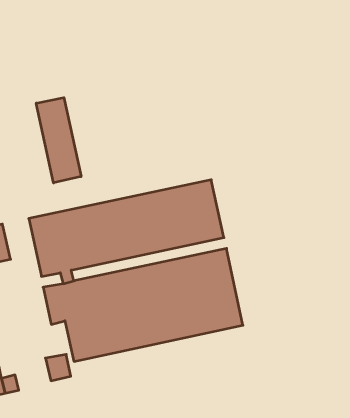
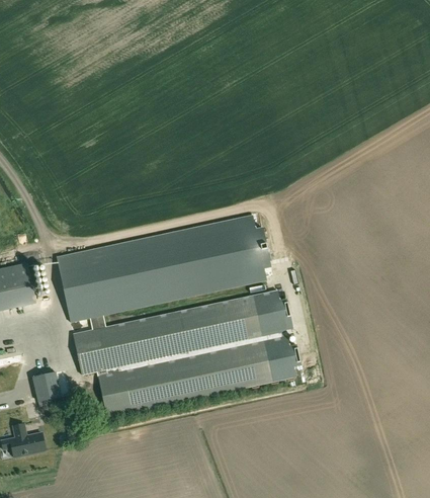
building: [36,98,81,183] -> none
building: [45,354,71,381] -> [33,372,62,402]

